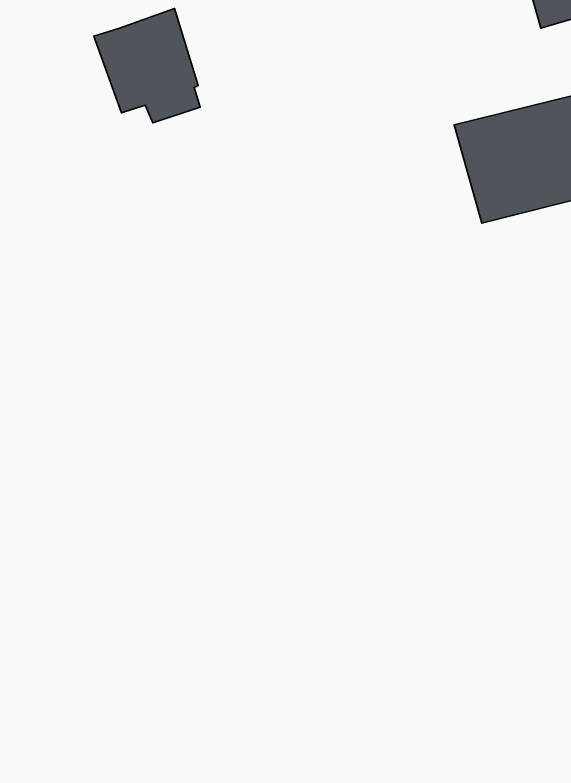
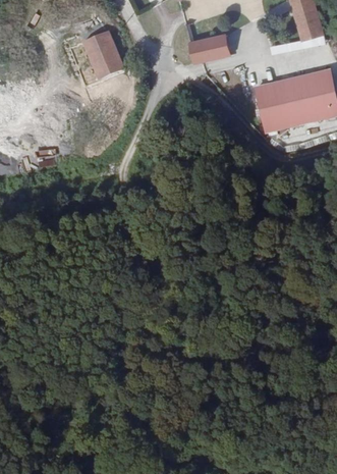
building: none -> [187,35,228,61]

